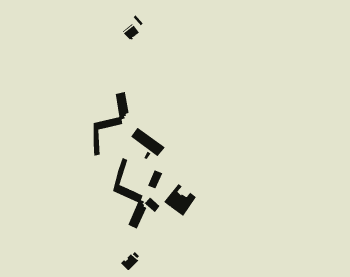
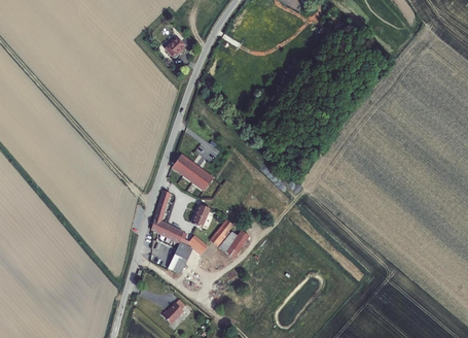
building: [93,91,129,157] -> none

